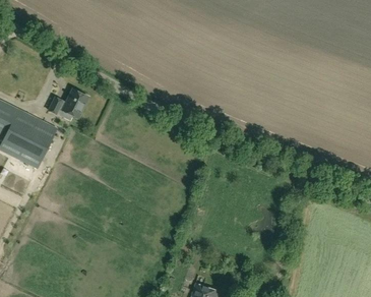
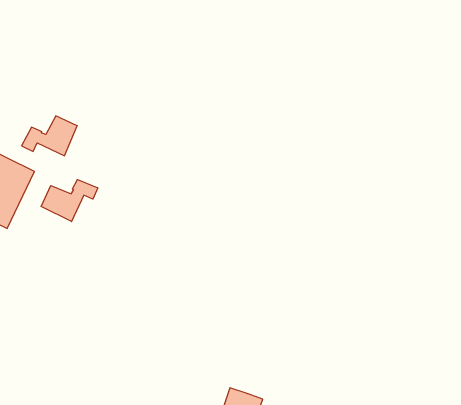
building: none -> [41,180,98,222]

